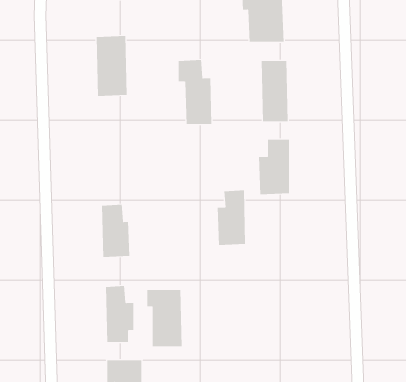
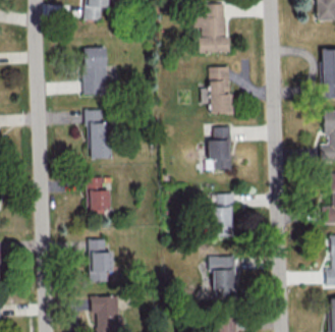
building: [178,59,212,125] -> [85,109,111,159]
building: [217,190,246,246] -> [211,193,233,236]
building: [147,290,182,347] -> [209,257,236,300]

